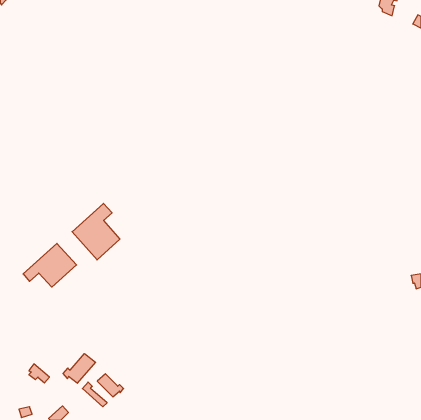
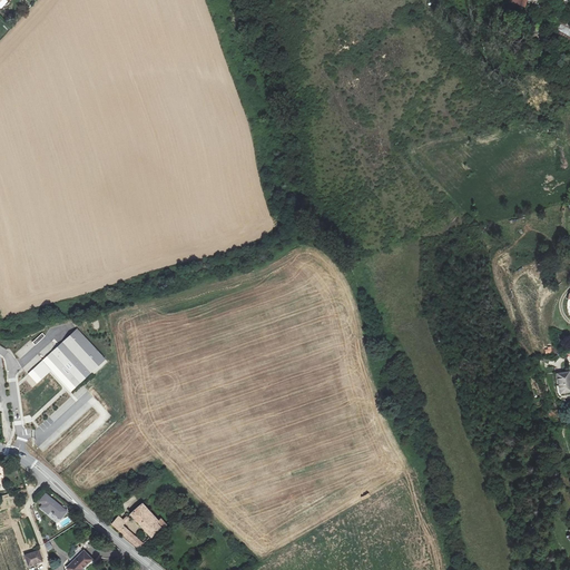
building: [72,203,120,260] -> none
building: [63,354,96,383] -> none

